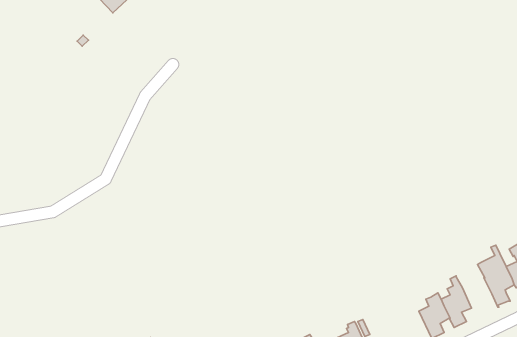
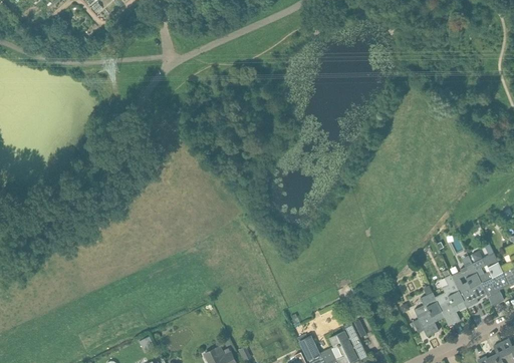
building: none -> [451,264,486,308]

